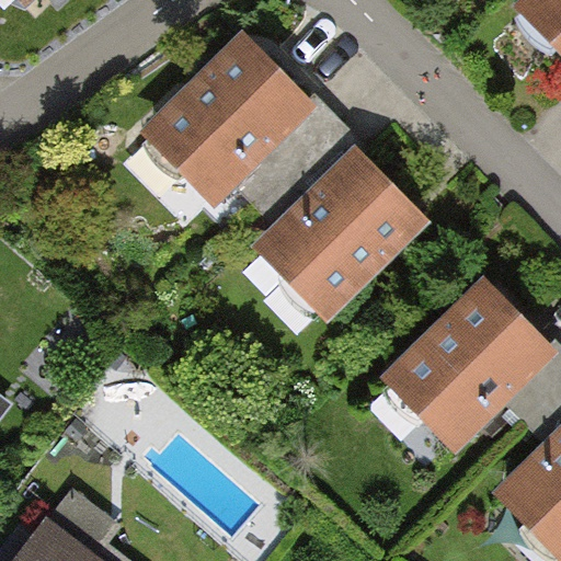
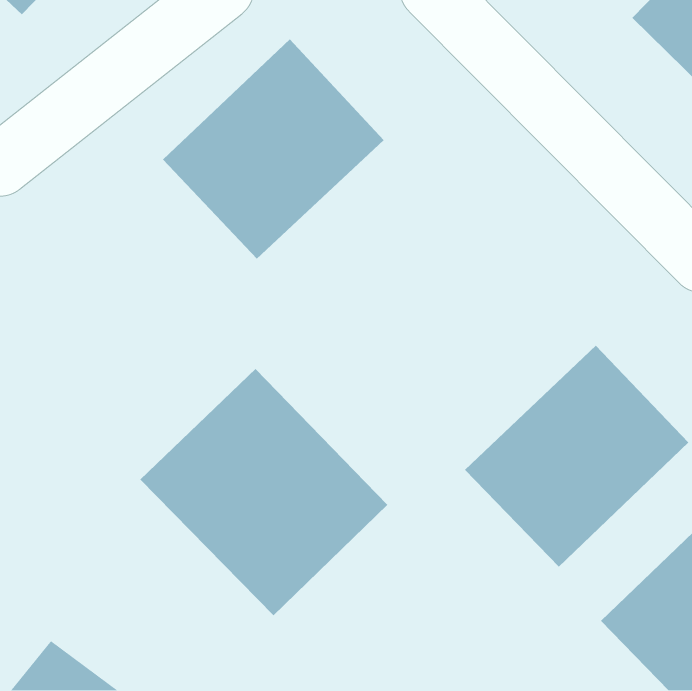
building: [257,151,434,327] -> none
building: none -> [140,368,388,616]

